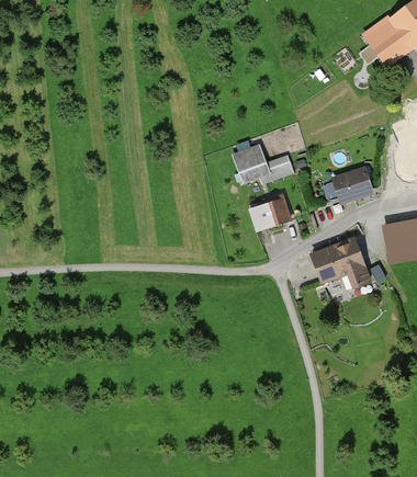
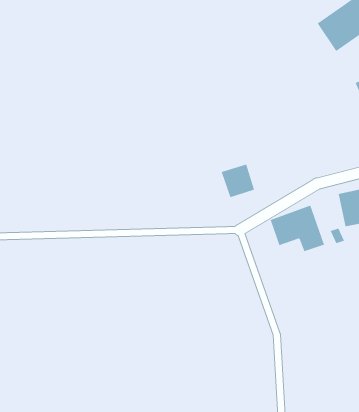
building: [228,143,291,184] -> none
building: [328,166,372,205] -> none

